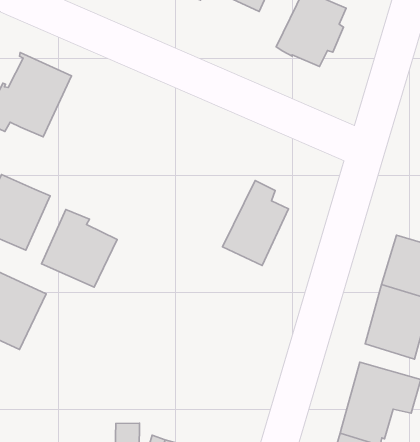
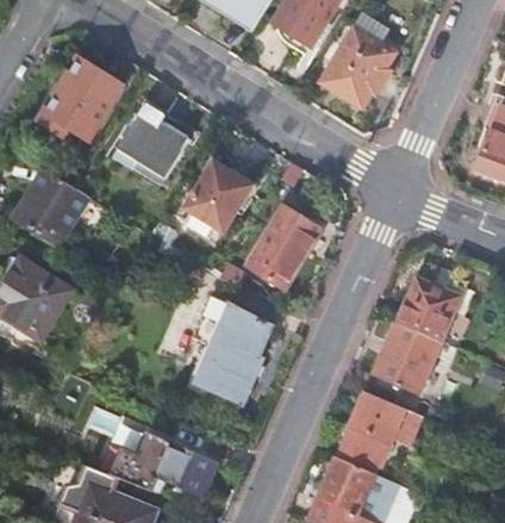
building: none -> [186,164,251,231]
building: [42,209,117,287] -> [114,106,189,183]
building: none -> [195,304,272,404]

